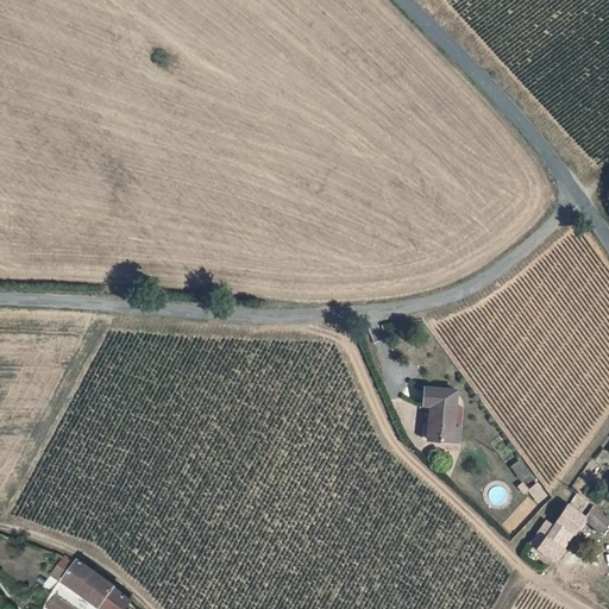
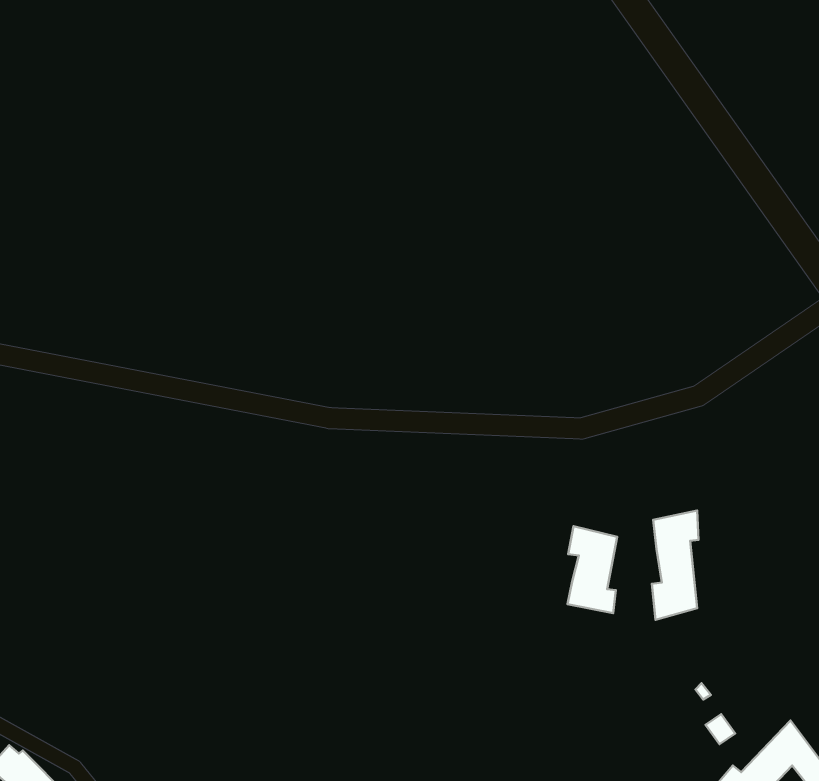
building: none -> [652,510,699,620]

